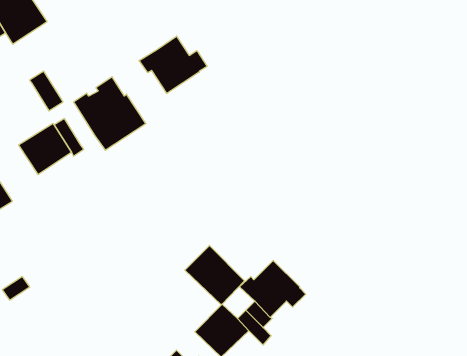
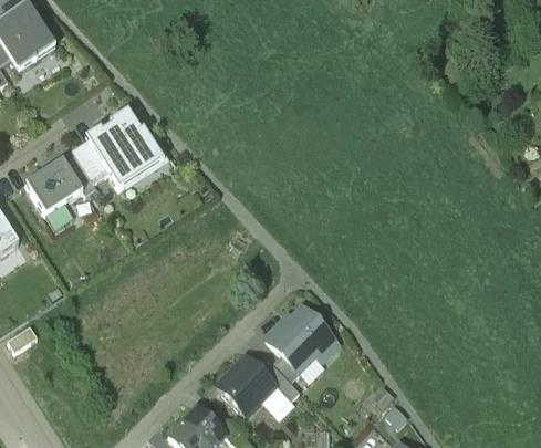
building: [139,36,207,93] -> none
building: [30,71,63,111] -> [72,139,108,183]
building: [185,245,244,305] -> none

